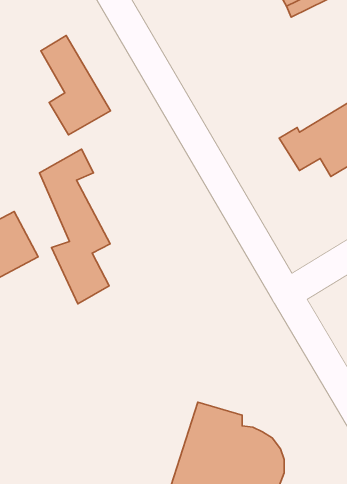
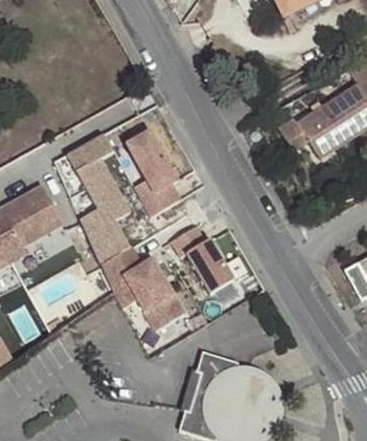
building: [41,35,110,135] -> [128,132,187,217]
building: none -> [172,222,234,293]
building: none -> [101,248,185,330]

